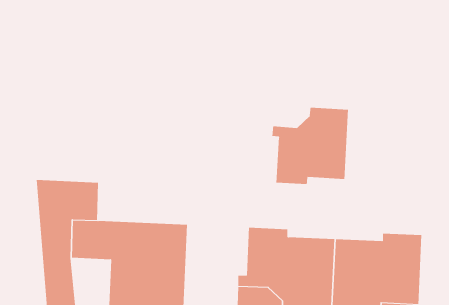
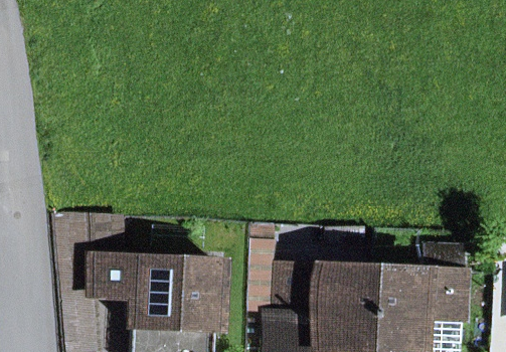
building: [272,107,348,185] -> none

